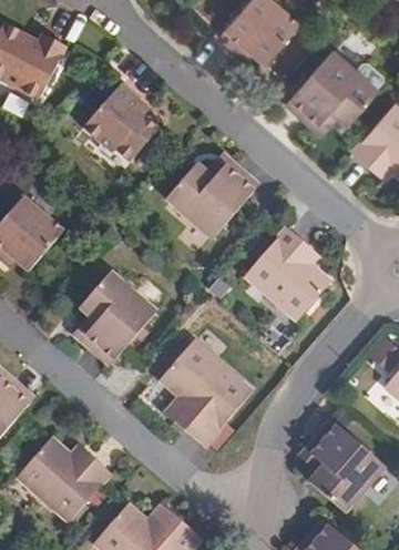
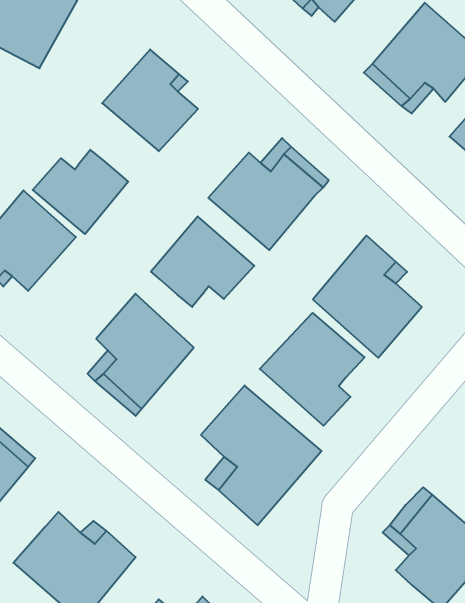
building: none -> [33,150,128,234]
building: none -> [151,216,254,307]
building: none -> [260,313,364,426]

